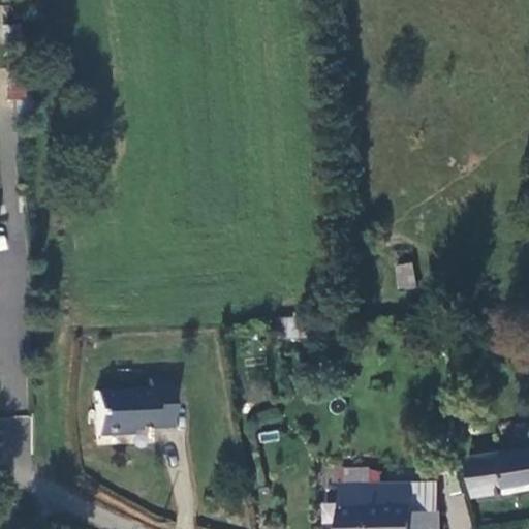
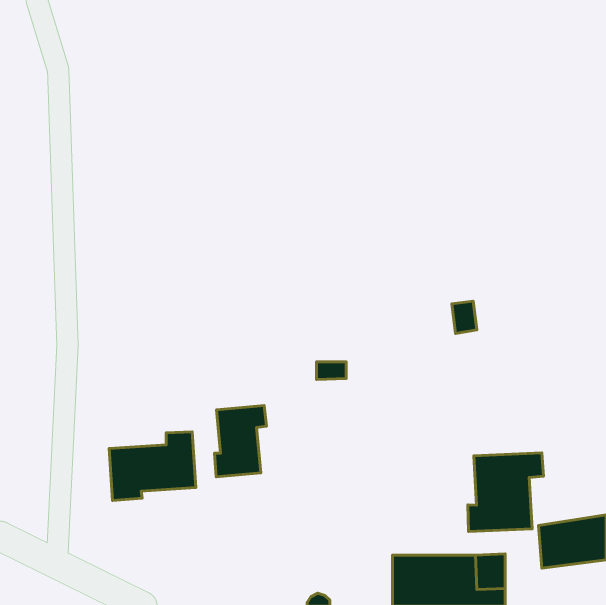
building: none -> [214,405,267,477]
building: none -> [468,453,544,532]

